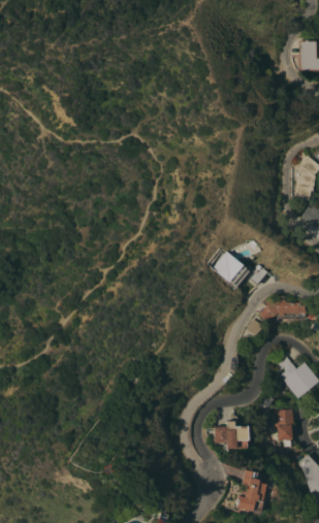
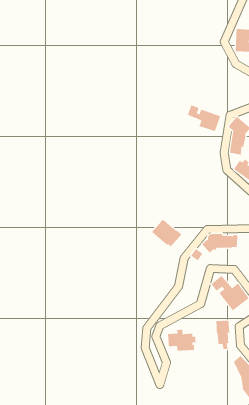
building: none -> [187,105,221,132]
building: [209,252,248,288] -> [151,219,182,247]
building: [233,470,264,513] -> none

